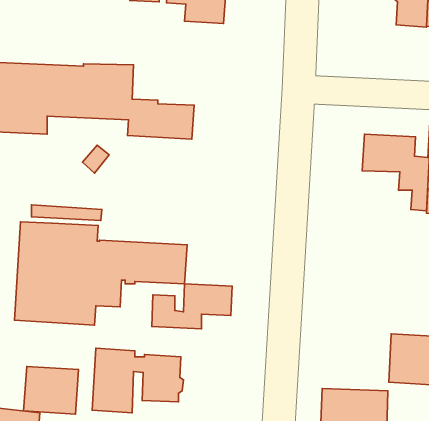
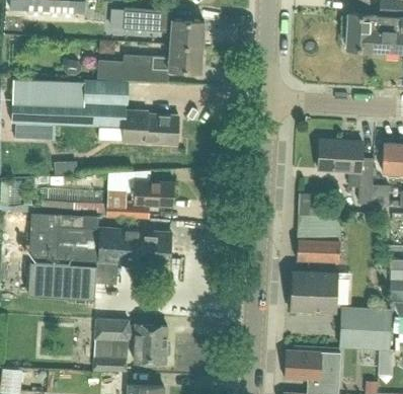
building: none -> [98,46,203,82]
building: none -> [297,192,341,261]
building: [152,284,232,329] -> [107,179,174,217]
building: none -> [289,268,339,311]
building: [24,366,79,414] -> none

